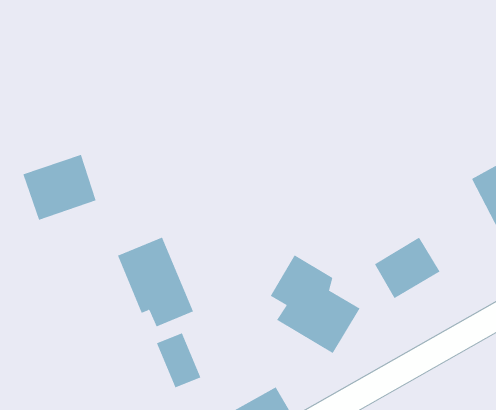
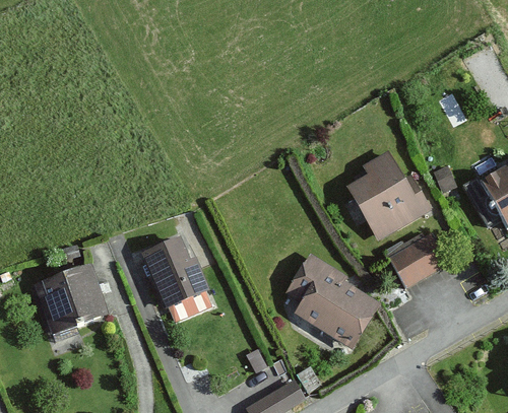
building: [23,154,96,221] -> [34,268,105,332]
building: none -> [348,153,435,242]
building: [156,332,201,388] -> none

